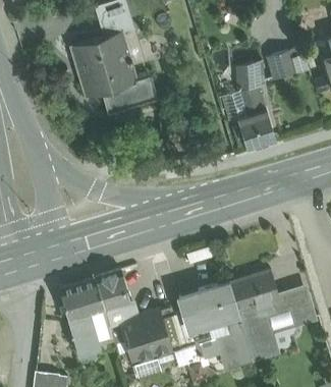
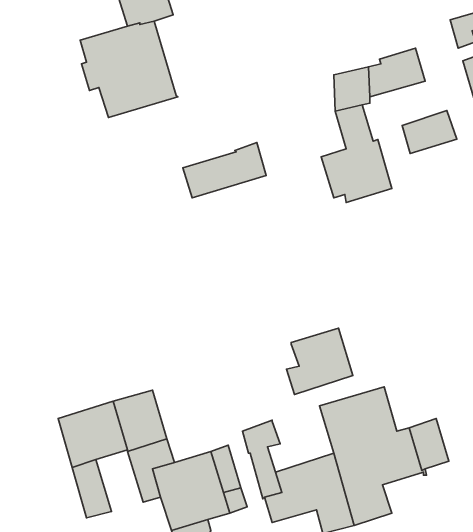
building: [102,76,156,112] -> [183,143,266,198]
building: none -> [402,111,457,153]
building: [195,282,237,325] -> [287,328,353,394]

